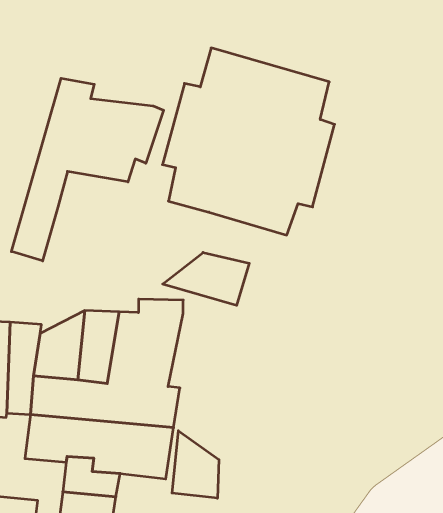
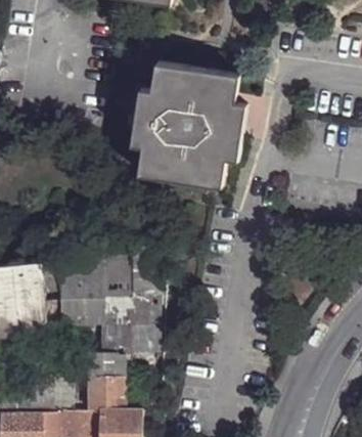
building: [11,78,164,261] -> none
building: [163,252,249,305] -> none
building: [172,431,219,498] -> none

